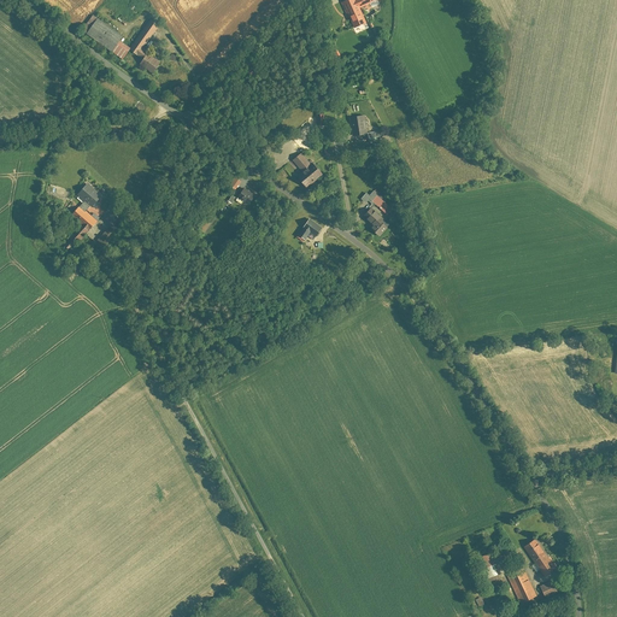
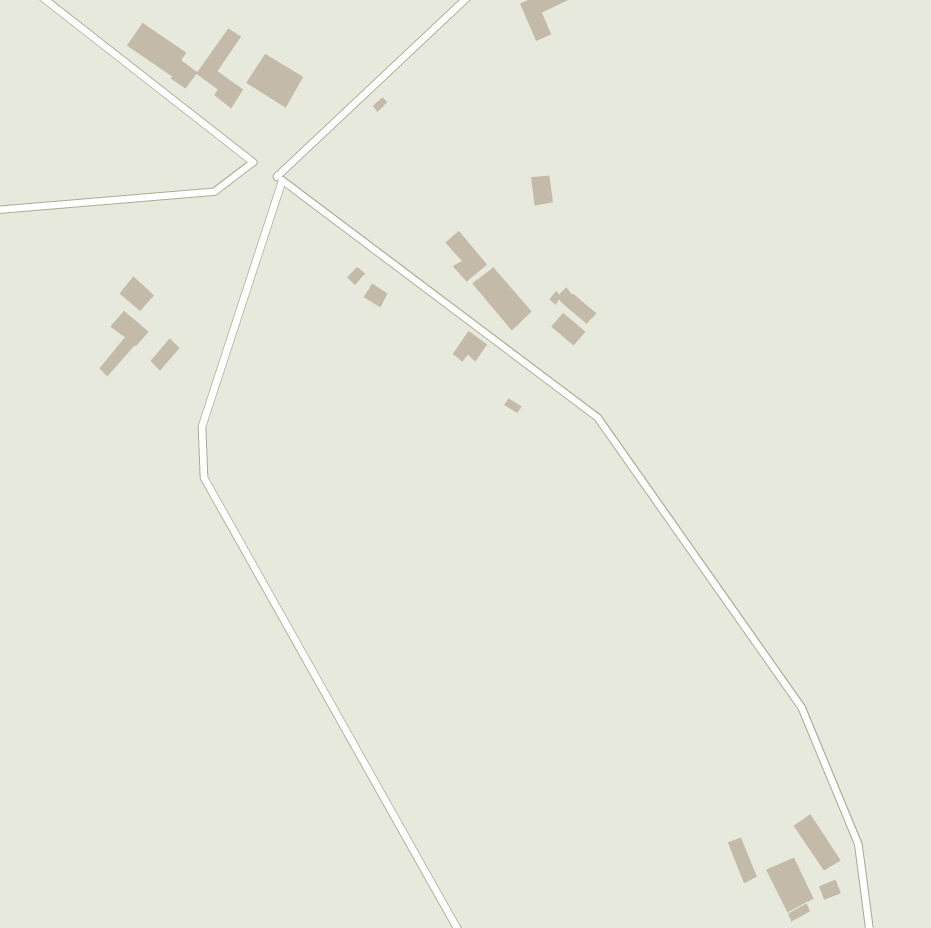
building: none -> [245,53,304,109]
building: none -> [471,266,532,332]

